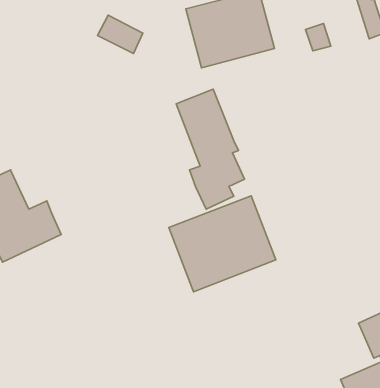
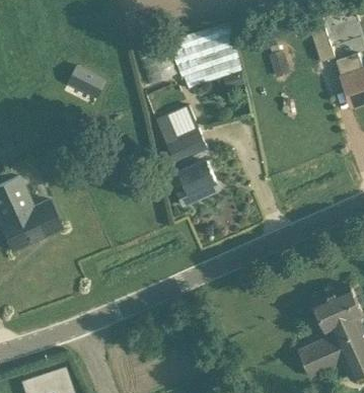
building: [97,15,143,54] -> [67,66,105,98]
building: [169,196,276,292] -> none

